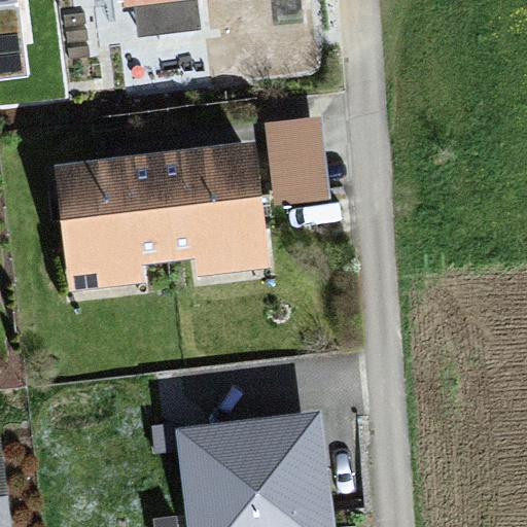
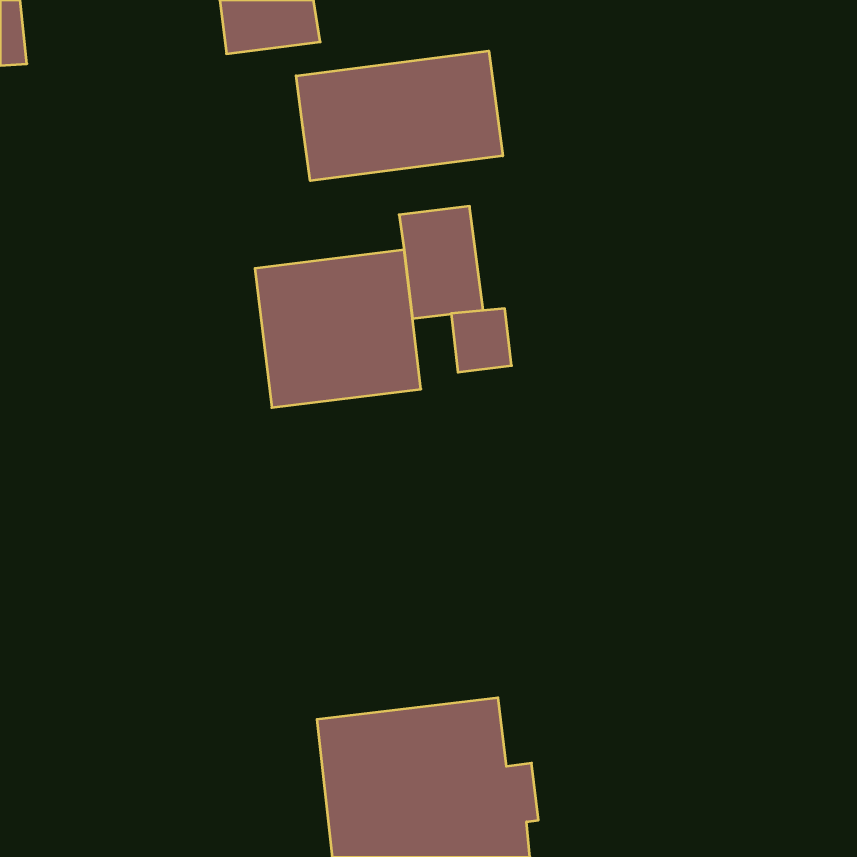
building: none -> [296,51,503,181]
building: [64,165,167,260] -> none

